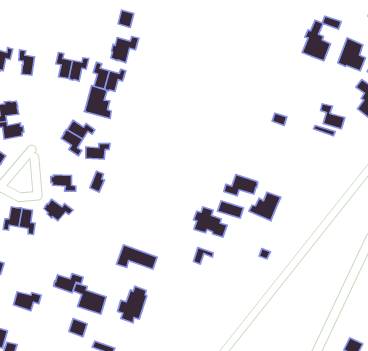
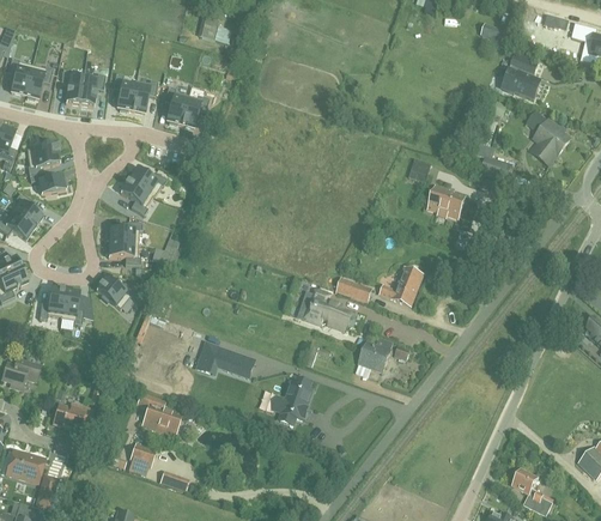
building: [302,20,330,61] -> none
building: [111,36,139,63] -> none
building: none -> [78,74,104,107]
building: [84,86,111,119] -> none
building: none -> [427,184,463,217]
building: [86,143,110,159] -> [108,222,141,243]
building: [224,175,258,196] -> none
building: none -> [354,334,390,375]
building: [54,273,83,293] -> none
building: [118,286,147,323] -> [271,377,311,428]

